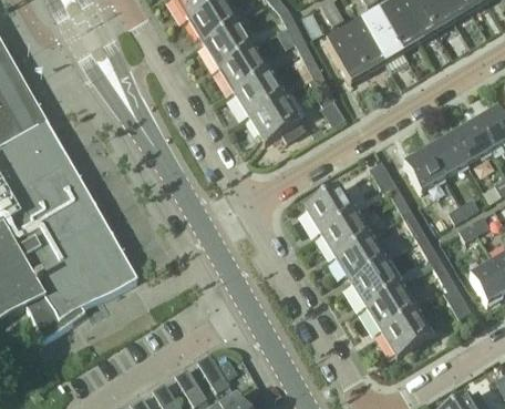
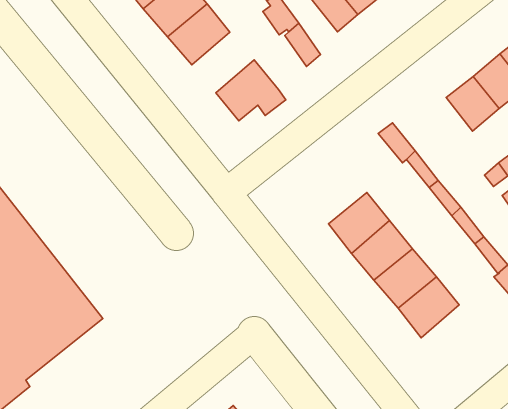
building: [233,70,281,115] -> none
building: [402,145,442,187] -> none
building: [305,184,353,229] -> none
building: [379,307,427,352] -> none

